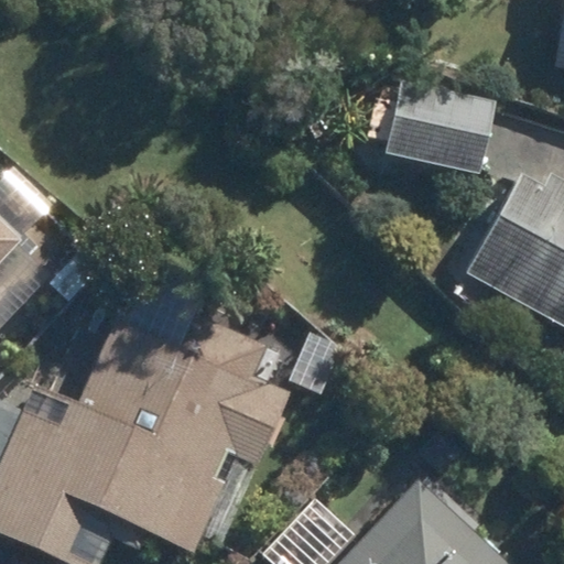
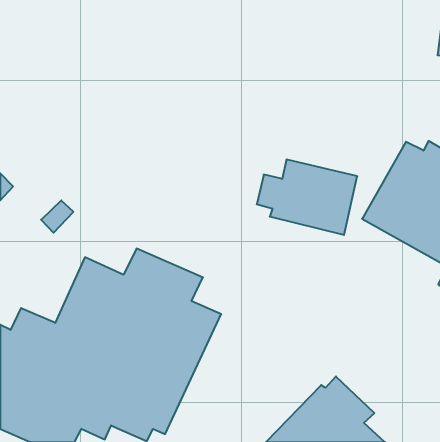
building: [369,78,496,173] -> [257,160,357,235]

